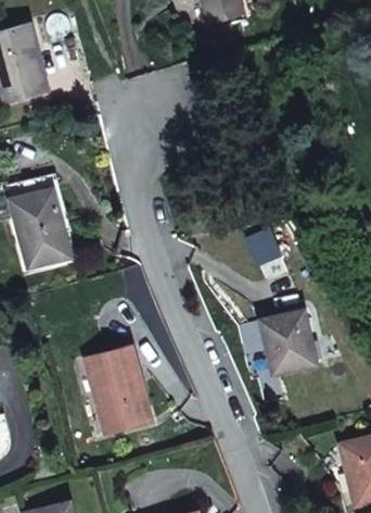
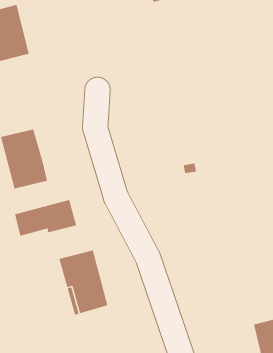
building: none -> [15,199,77,236]
building: [259,310,317,374] -> none

